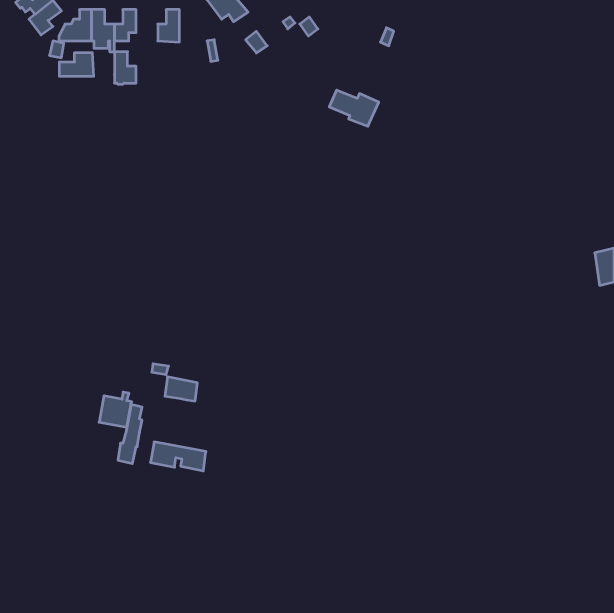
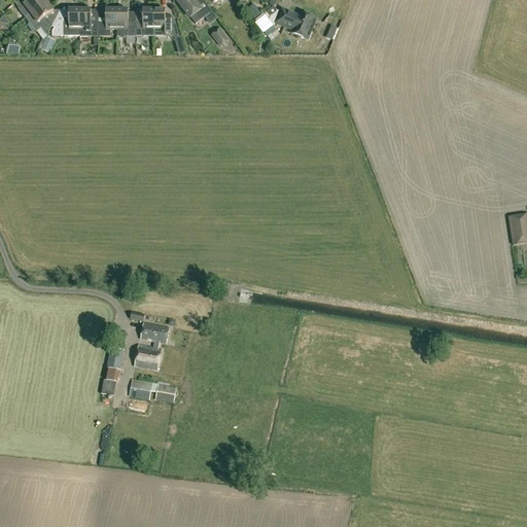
building: none -> [153,8,171,37]
building: [114,52,136,84] -> [116,8,135,36]
building: [59,53,94,76] -> none
building: [329,90,379,126] -> [274,7,316,38]
building: [99,392,132,427] -> [134,341,162,371]

